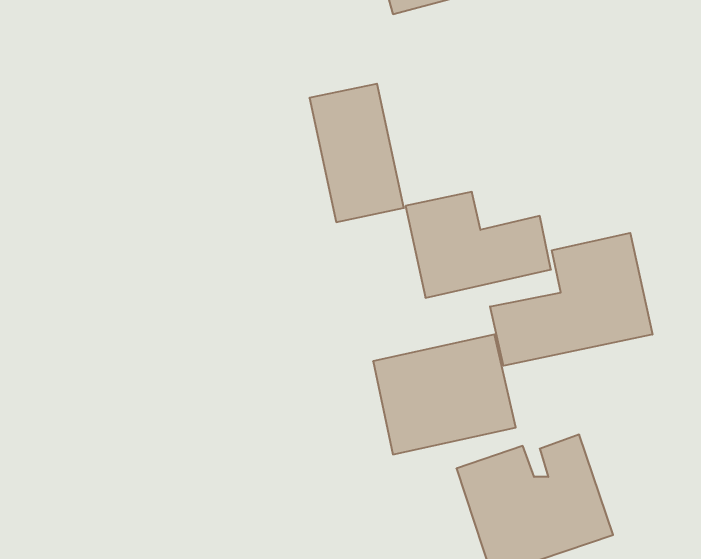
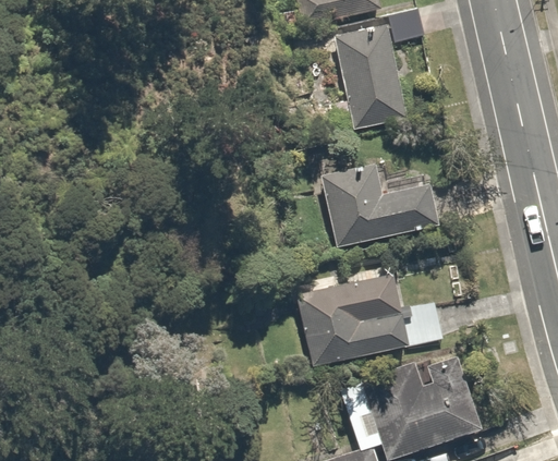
building: [309,84,404,222] -> [333,24,407,131]
building: [490,233,652,366] -> none

